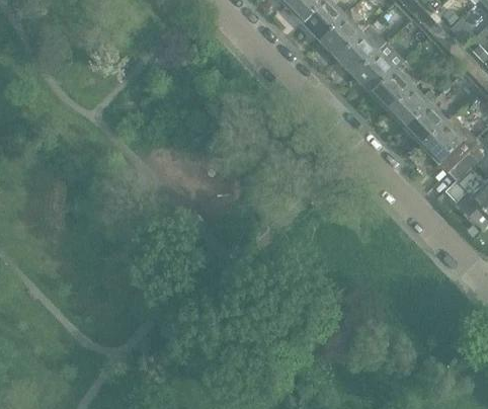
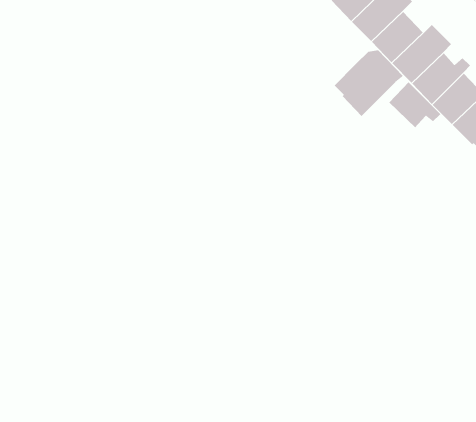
building: none -> [334,50,404,117]
building: none -> [389,82,441,128]

